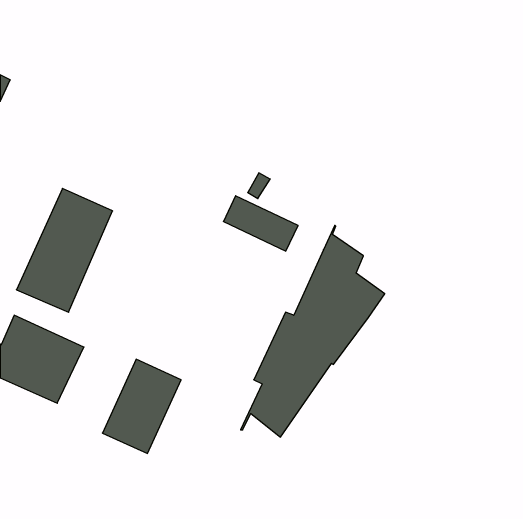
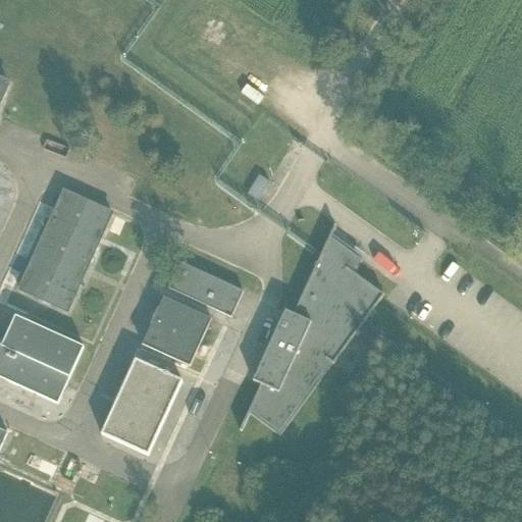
building: [223,196,298,251] -> [168,260,243,315]
building: none -> [142,296,211,364]

